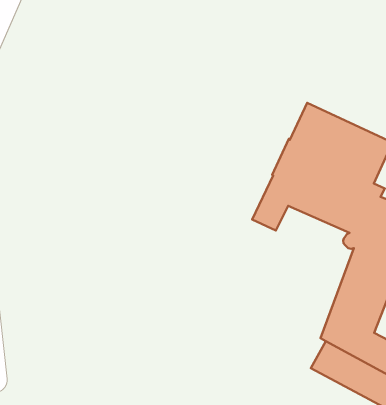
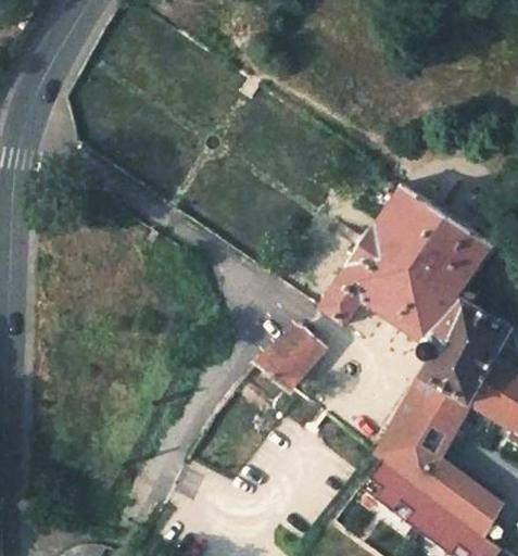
building: none -> [235,326,325,395]

